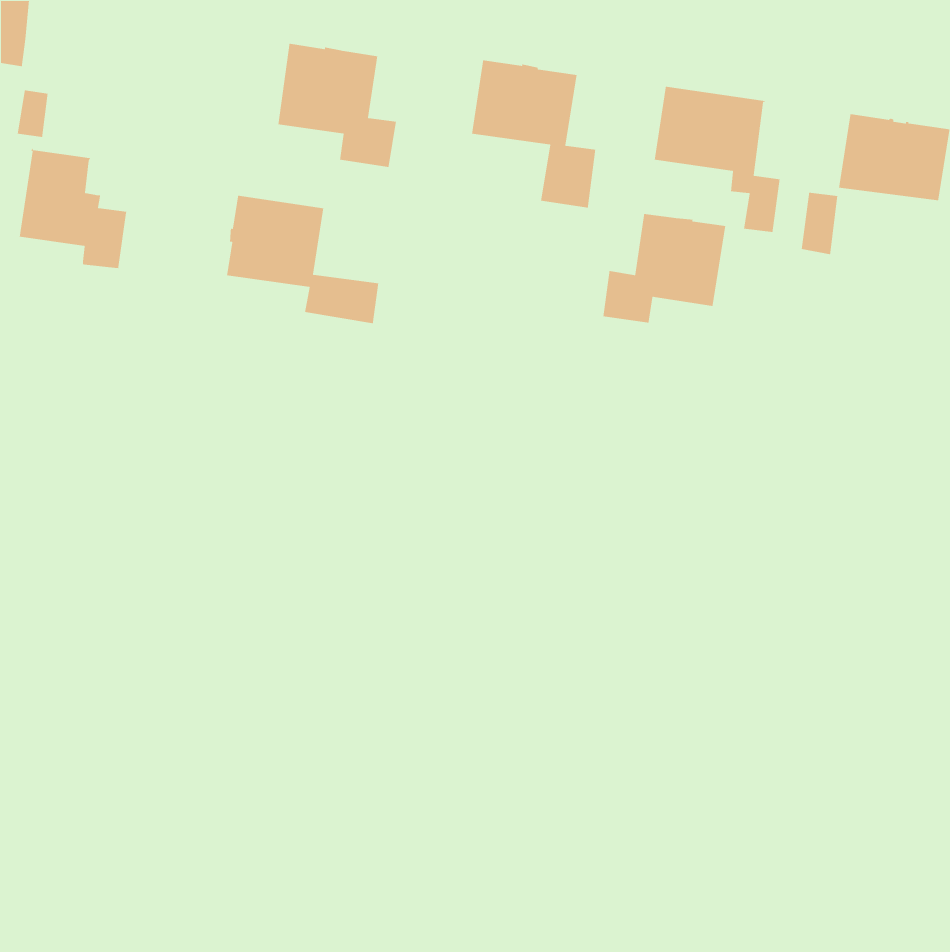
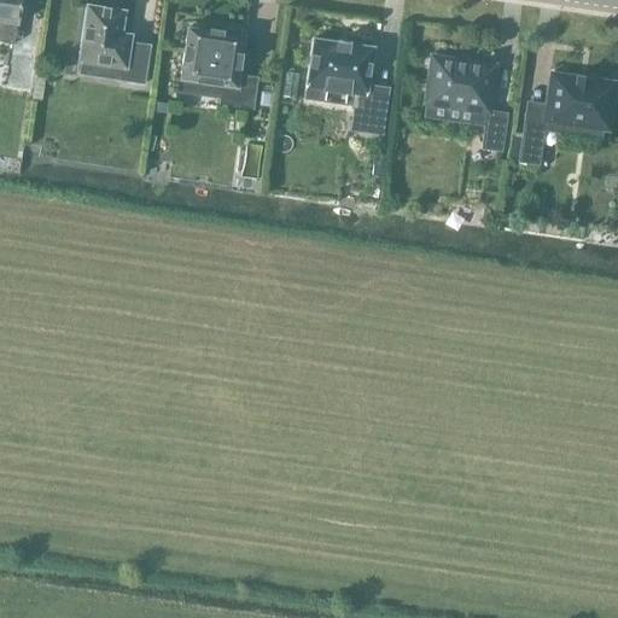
building: [19,148,129,271] -> [80,5,151,84]
building: [226,195,379,324] -> none
building: [603,213,726,324] -> none

